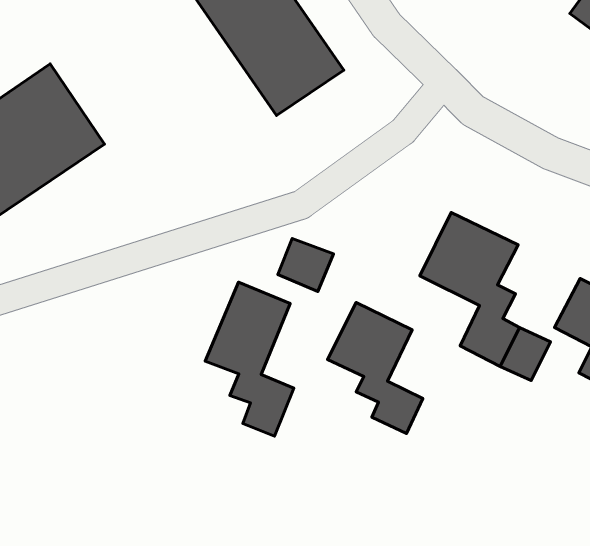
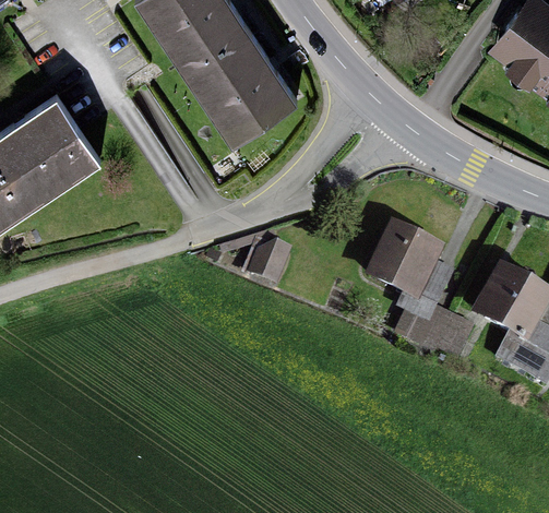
building: [205,282,294,436] -> none
building: [328,302,423,434] -> none

